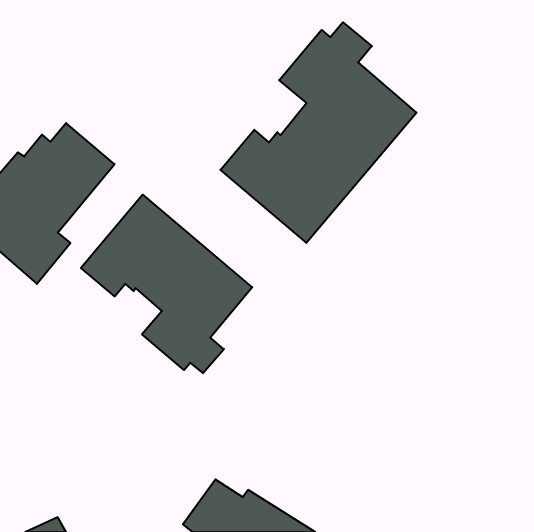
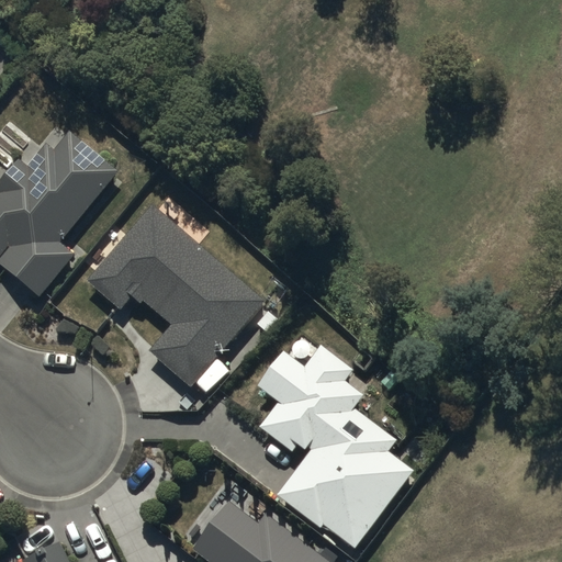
building: [220,22,417,243] -> none
building: none -> [255,345,414,549]

